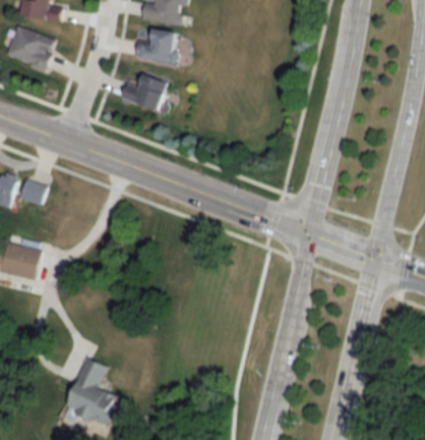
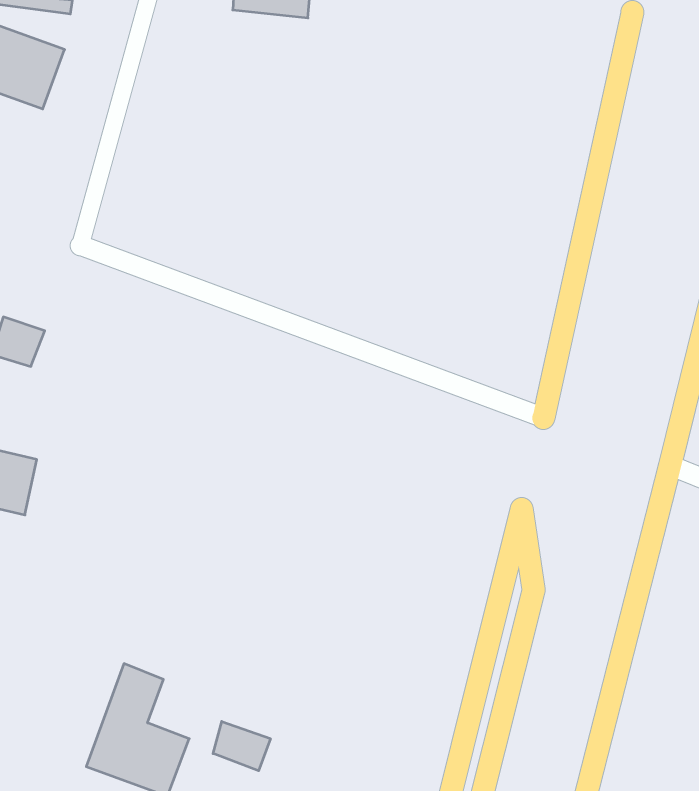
building: [134,28,178,63] -> none
building: [121,75,168,110] -> none
building: none -> [213,721,270,771]

